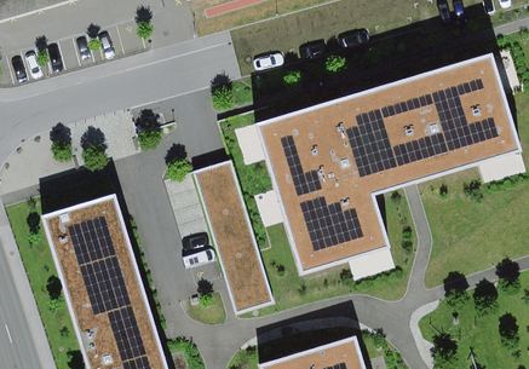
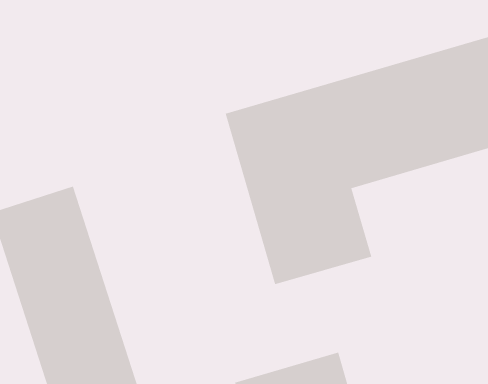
building: [194,162,271,312] -> none

